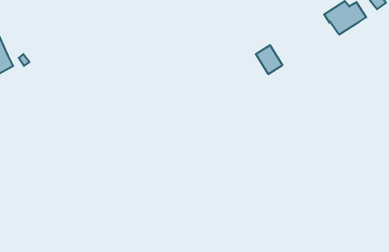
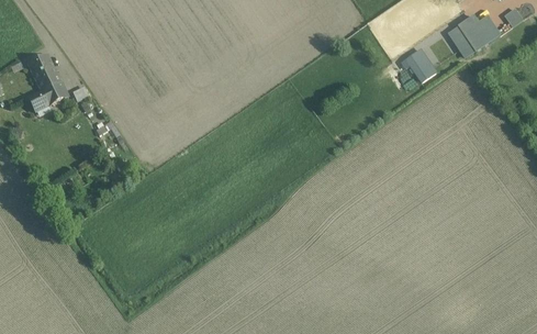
building: [256,45,283,74] -> [403,46,436,81]

